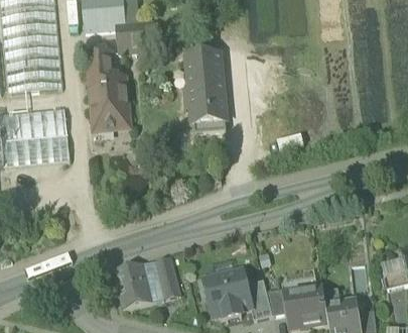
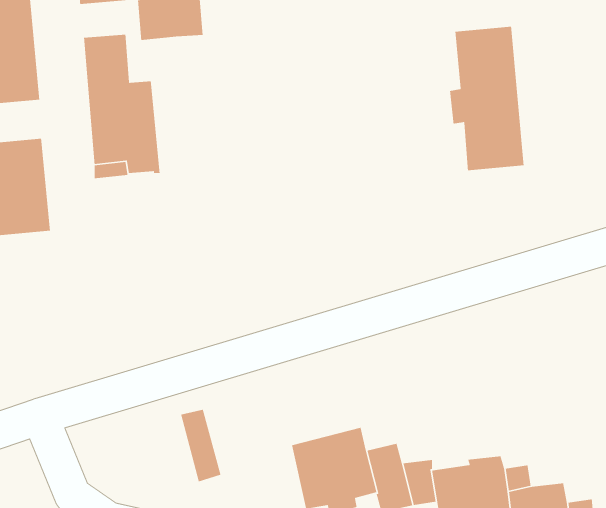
building: [183,51,226,133] -> [449,26,524,171]
building: [154,254,180,297] -> none
building: [113,262,151,308] -> none

